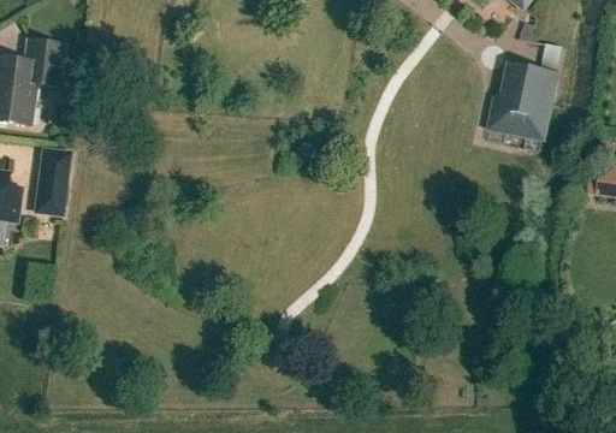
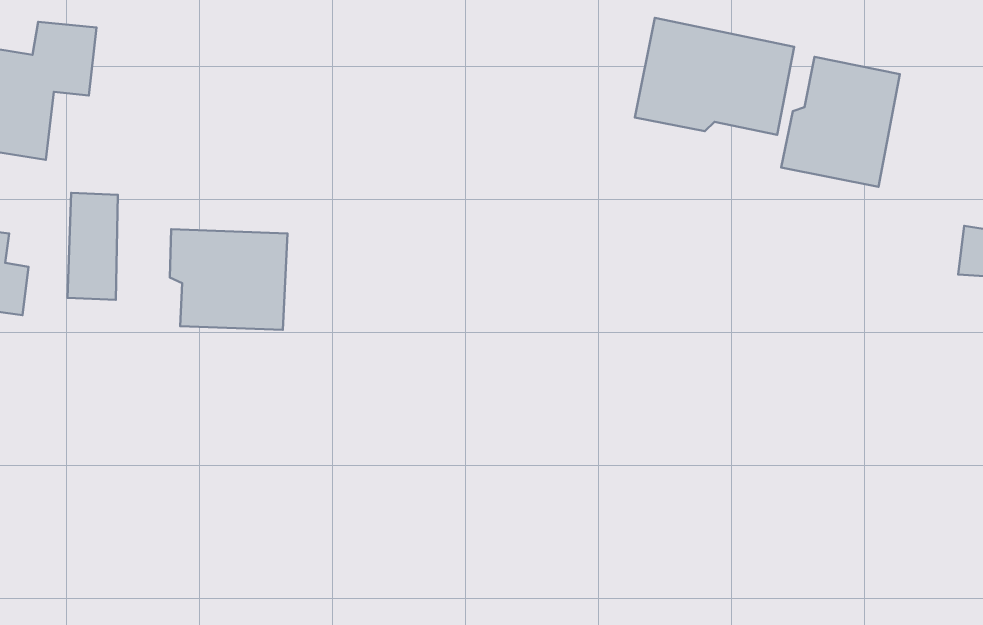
building: none -> [635,18,794,135]
building: none -> [170,229,288,330]

